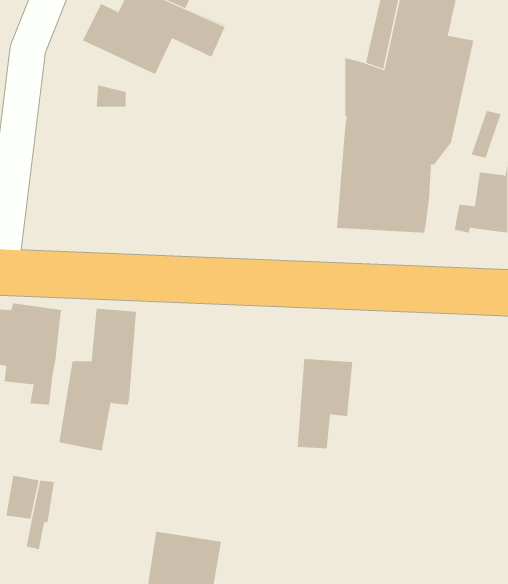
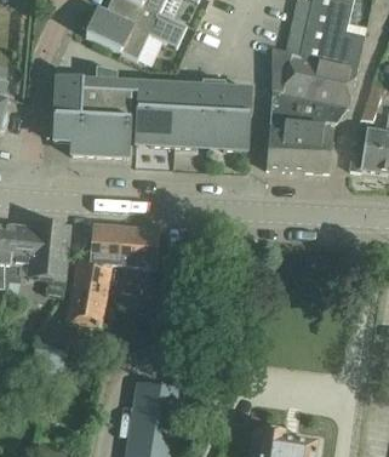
building: none -> [53,79,131,158]
building: none -> [136,91,250,150]
building: [297,358,353,449] -> [119,228,159,292]

